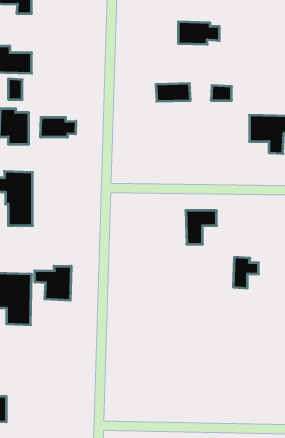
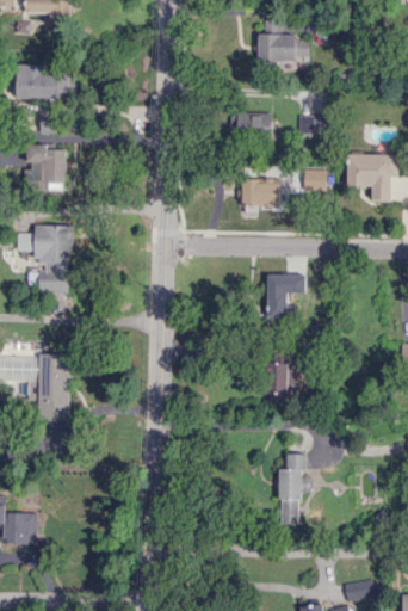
building: [41,117,76,137] -> none
building: none -> [241,167,326,205]
building: [233,257,259,288] -> [267,363,299,402]
building: [35,266,71,300] -> none
building: none -> [279,453,307,524]

